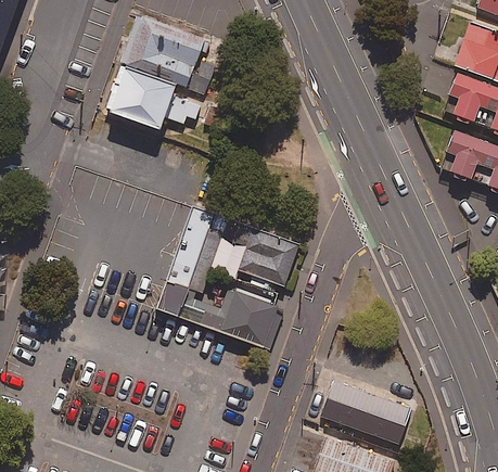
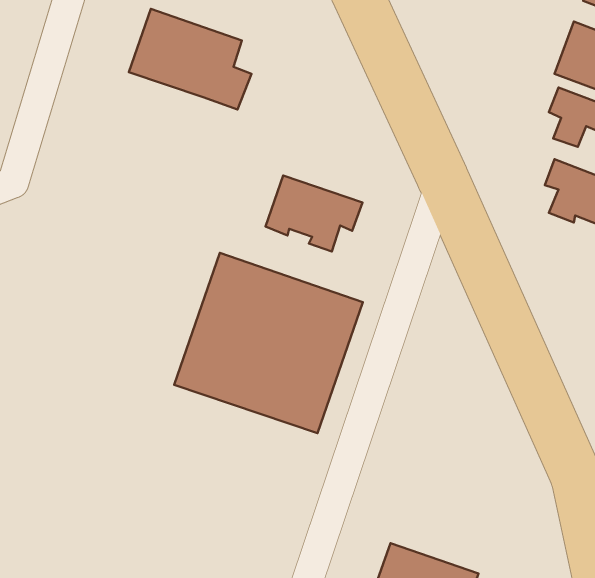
building: [105,63,201,129] -> none
building: none -> [265,175,362,251]
building: [322,381,412,444] -> none

